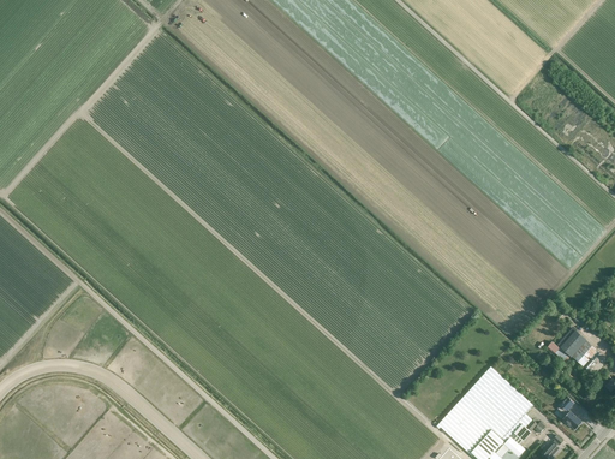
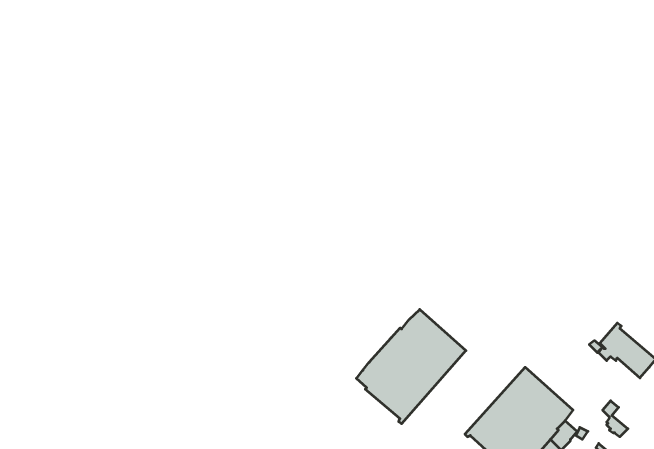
building: none -> [356,309,466,424]

